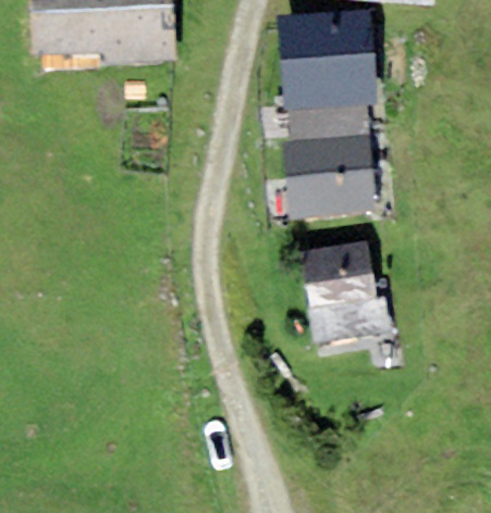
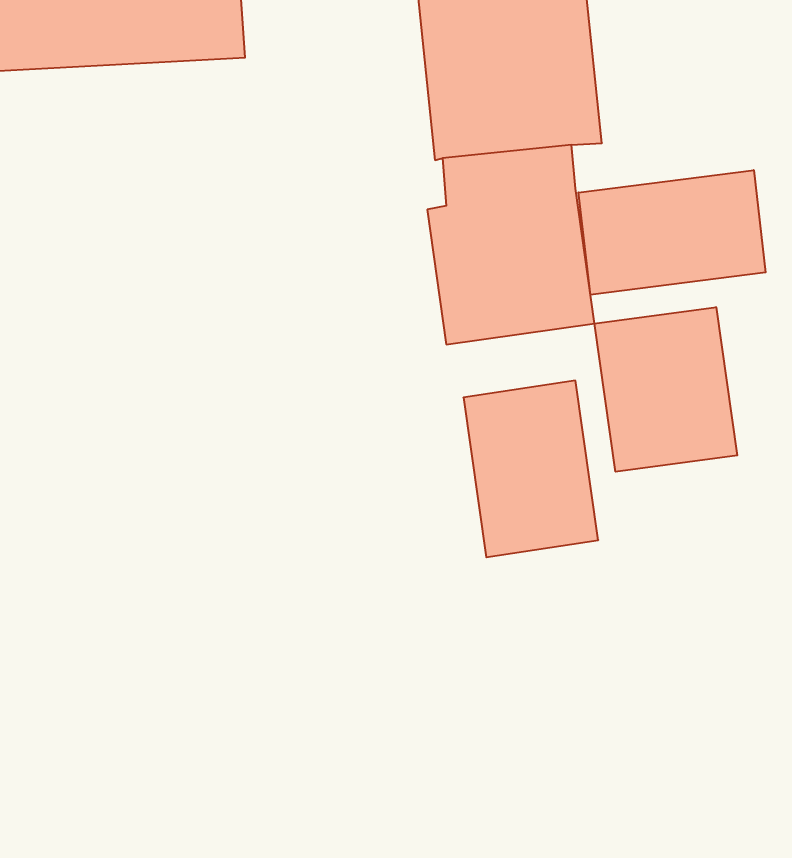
building: none -> [578,170,766,295]
building: none -> [594,307,737,472]

